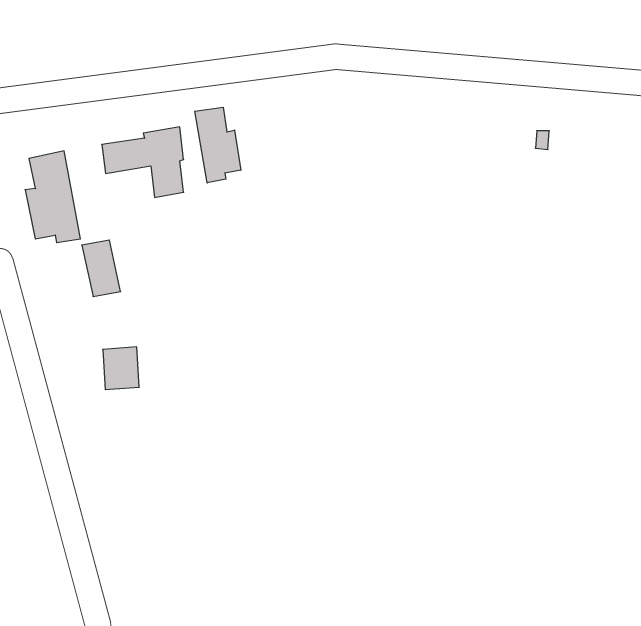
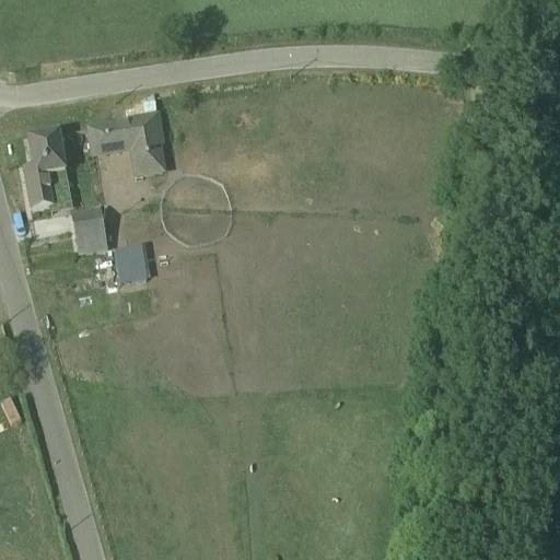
building: [195,107,241,183] -> none
building: [103,347,139,390] -> [116,238,148,276]

